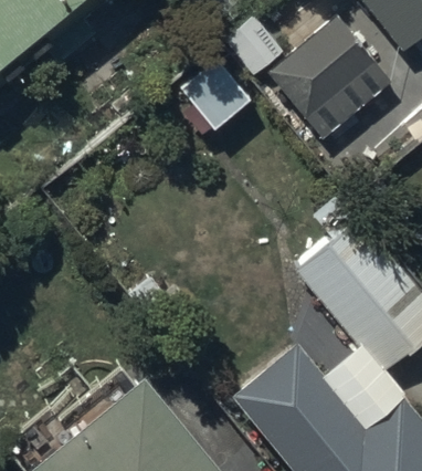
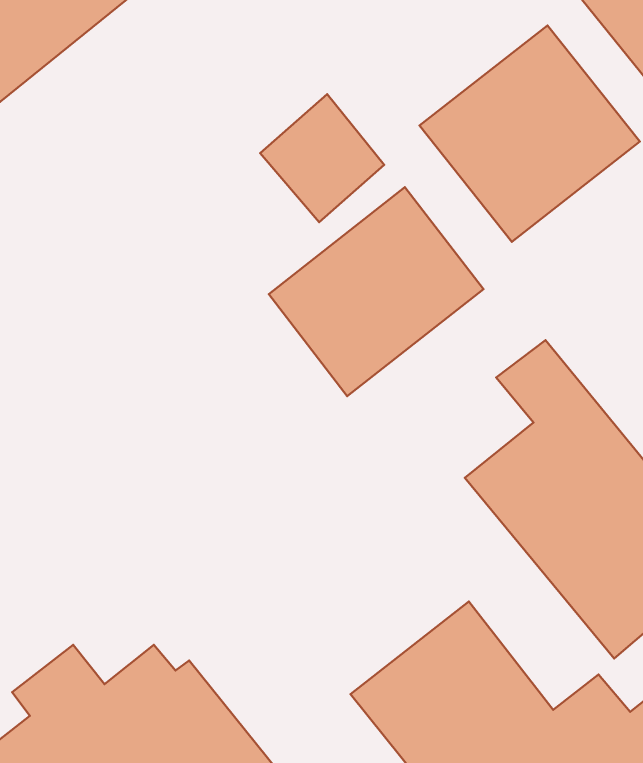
building: none -> [269,187,484,396]

